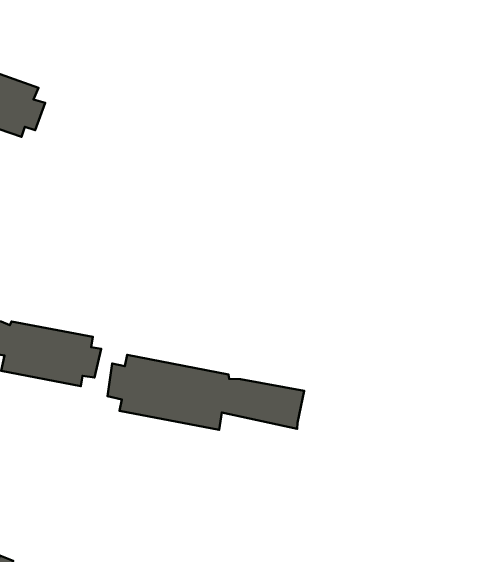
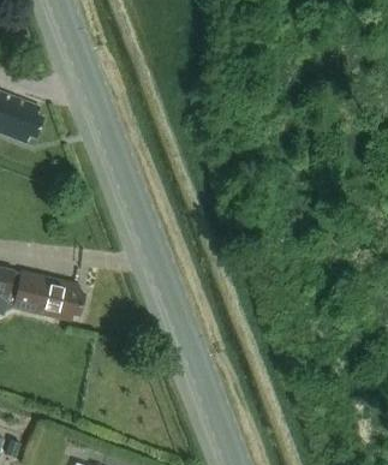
building: [107,355,304,430] -> none

